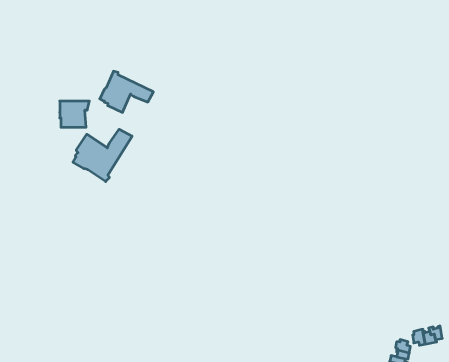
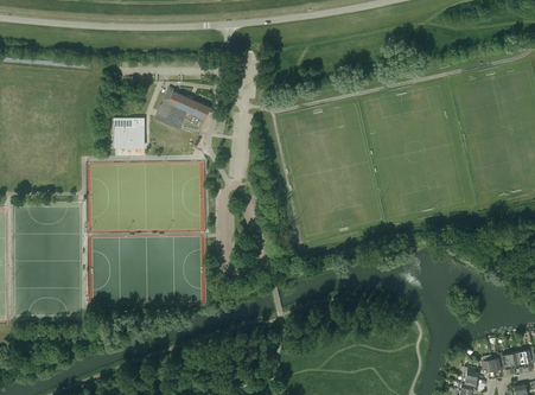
building: [73,129,132,182] -> none

